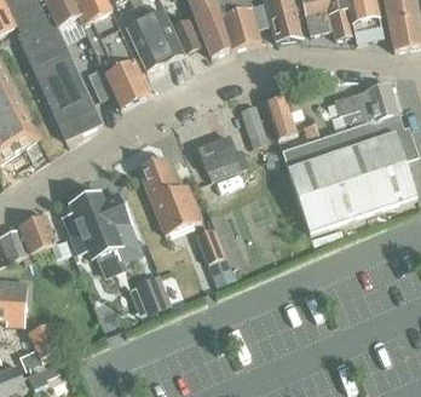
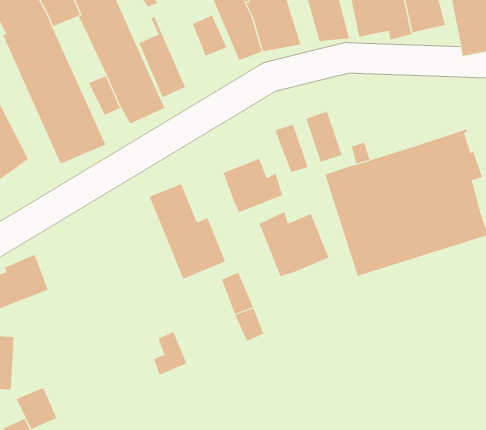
building: [142,17,188,76] -> none
building: [335,82,397,126] -> none
building: none -> [259,211,329,277]
building: [62,191,142,261] -> none

